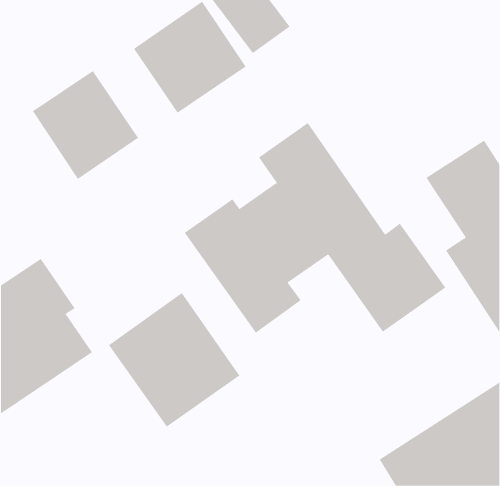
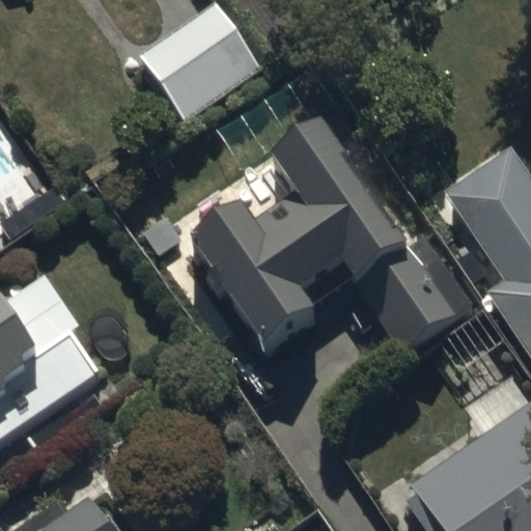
building: [32,70,139,180] -> none
building: [108,292,240,427] -> none

